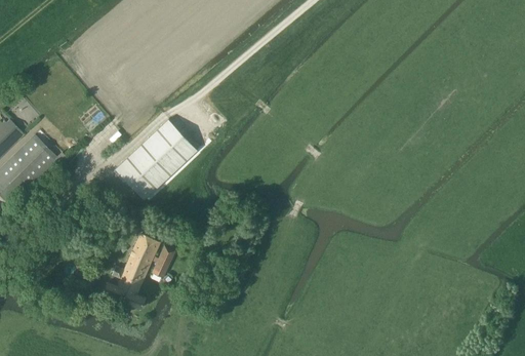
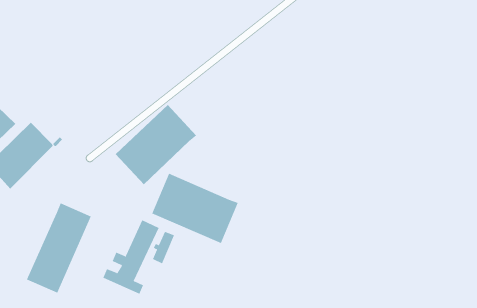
building: none -> [152,173,239,244]
building: none -> [26,202,92,293]

